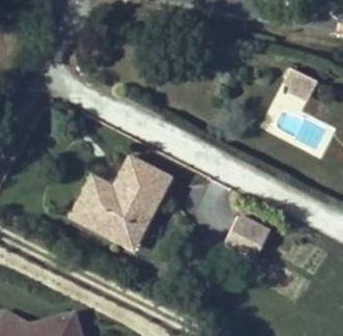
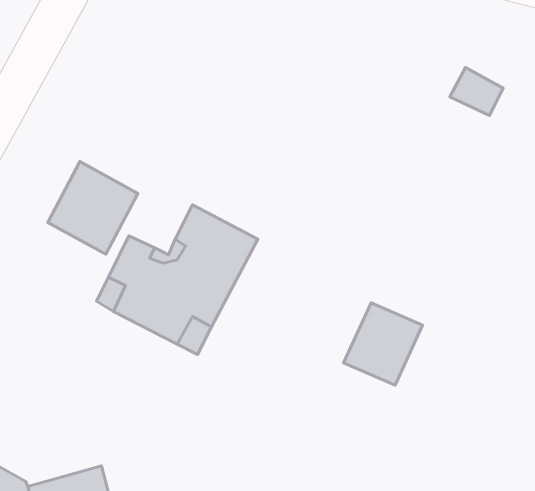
building: none -> [48,162,138,254]

